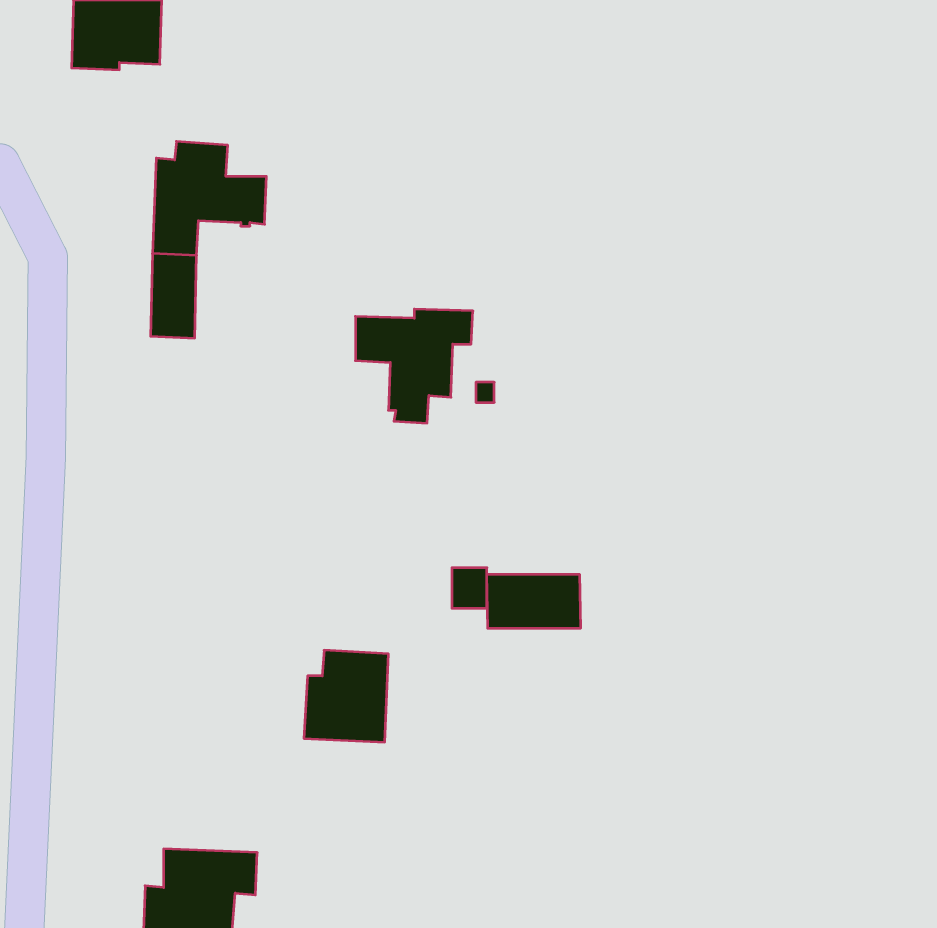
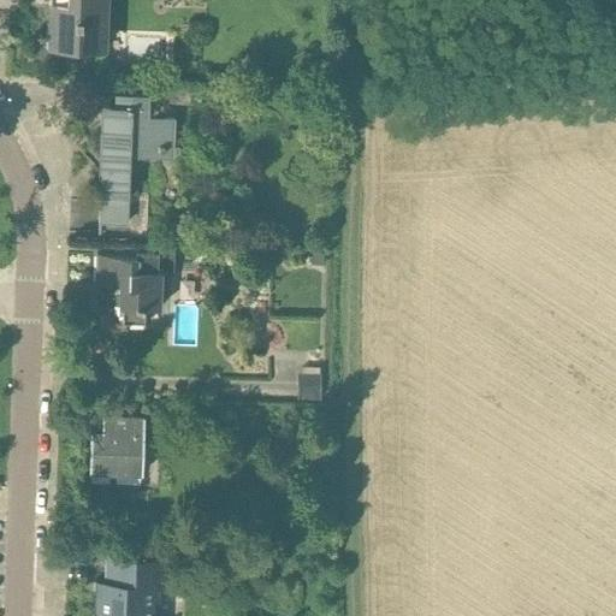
building: [355,309,473,423] -> [97,255,174,330]
building: [487,574,580,628] -> none
building: [304,650,388,742] -> [89,419,144,479]

